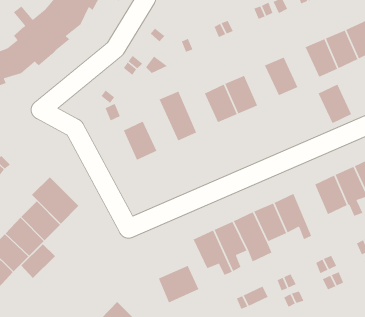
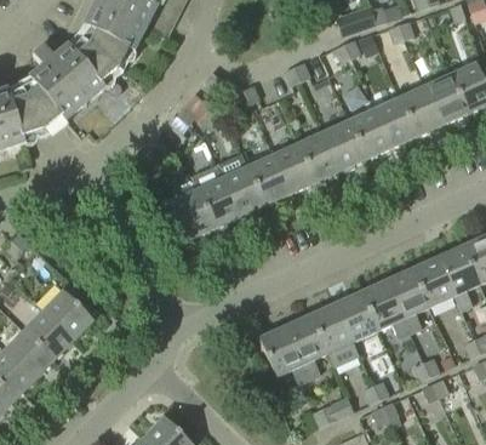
building: none -> [324,119,366,170]
building: [318,83,352,124] -> [373,96,417,147]
building: none -> [247,154,290,204]
building: none -> [190,161,240,227]
building: [31,176,79,224] -> none
building: none -> [385,268,428,333]
building: [20,243,56,279] -> none
building: [158,265,200,304] -> none

